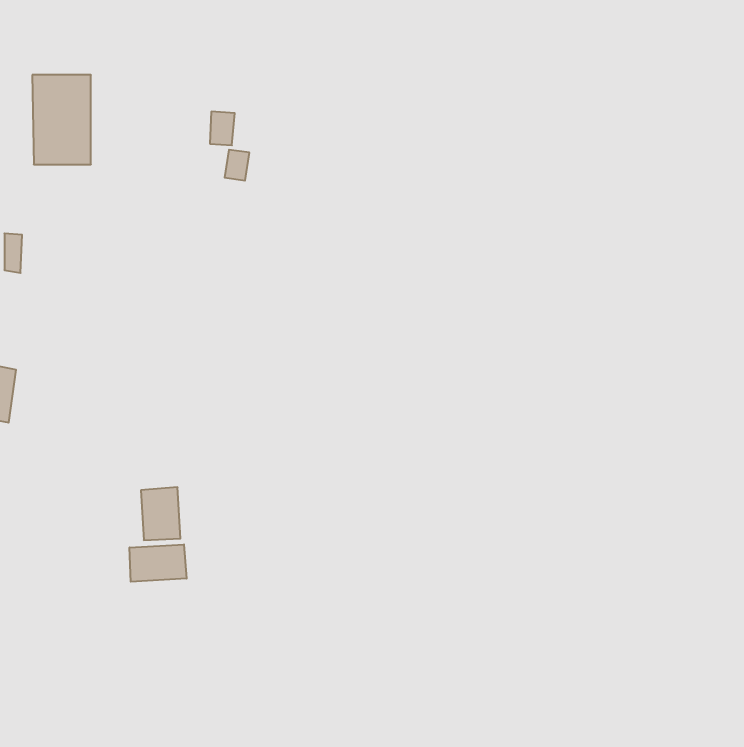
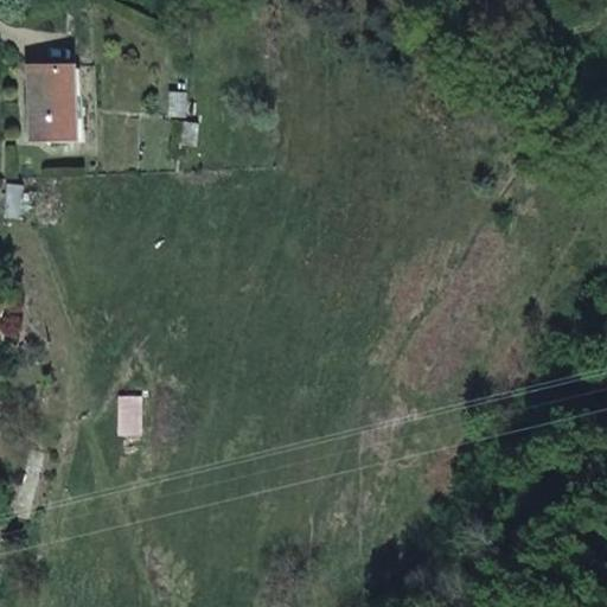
building: [130,544,187,582] -> none

